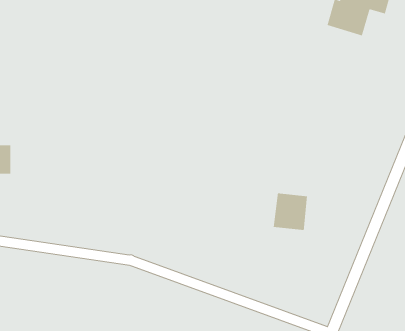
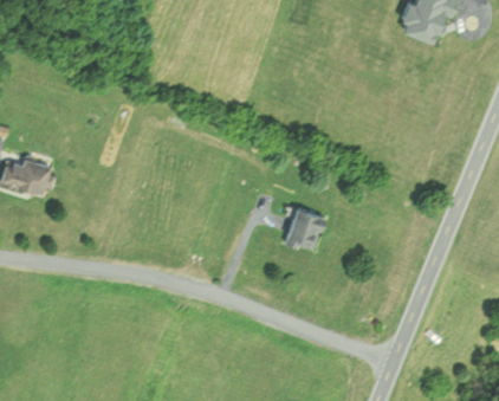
building: [273,192,308,231] -> [285,209,323,251]

